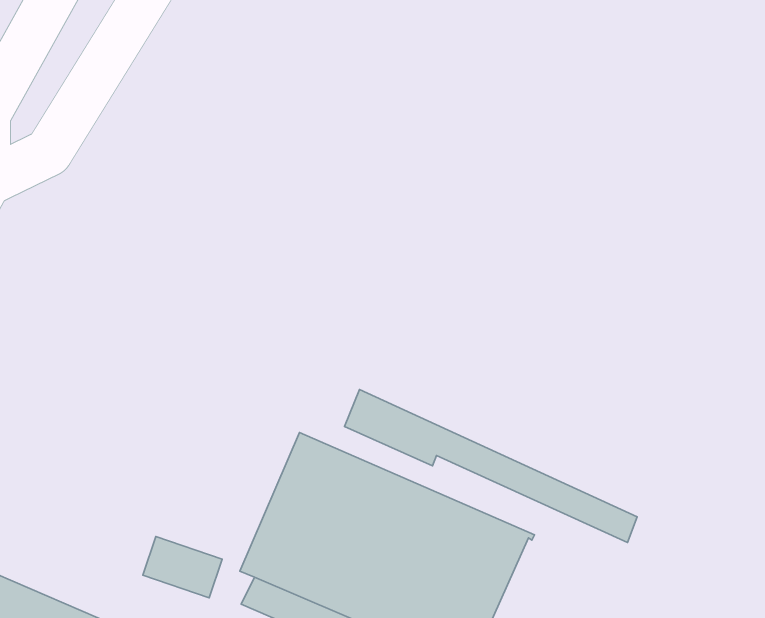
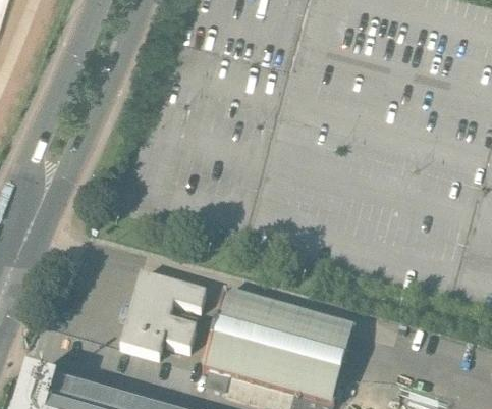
building: none -> [120,268,206,350]
building: [345,389,637,543] -> none

